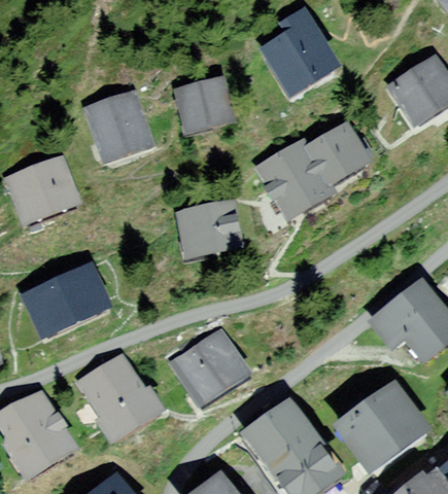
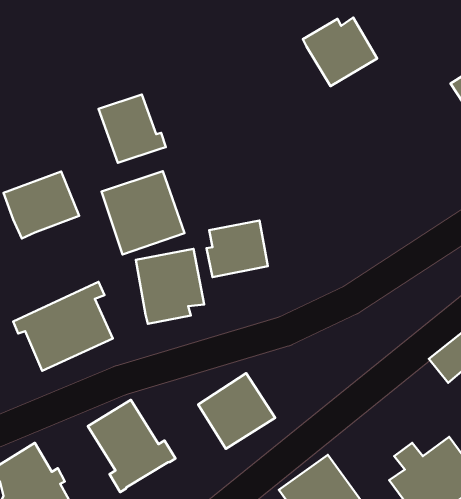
building: [180,83,229,128] -> none
building: [263,123,371,213] -> none
building: none -> [102,171,185,255]
building: none -> [136,249,204,324]

